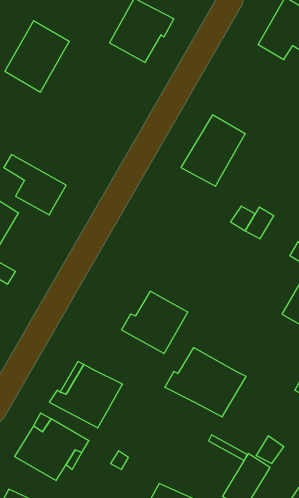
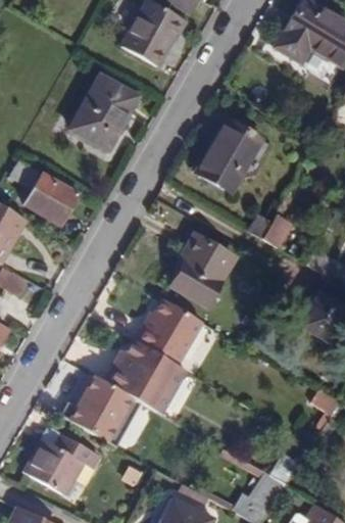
building: [5,21,69,92] -> [70,75,137,148]
building: none -> [170,235,235,307]
building: [165,348,246,417] -> [104,341,188,413]

